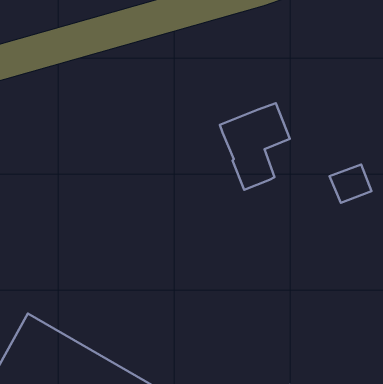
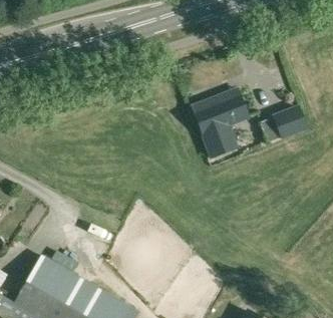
building: [329,165,371,203] -> [274,106,307,136]

